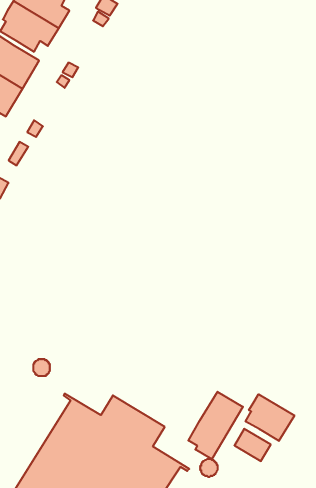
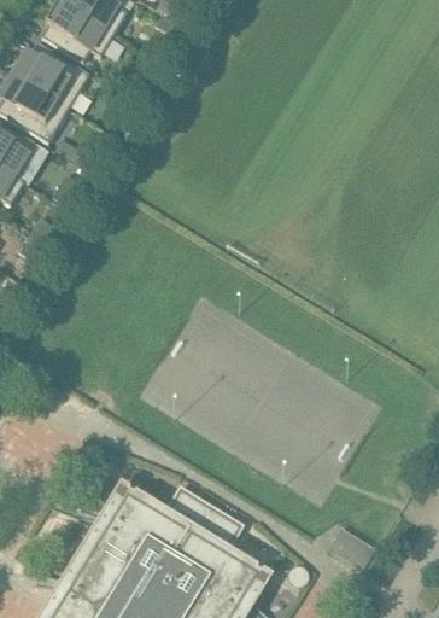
building: [188,392,243,459] -> none
building: [246,394,294,441] -> none

